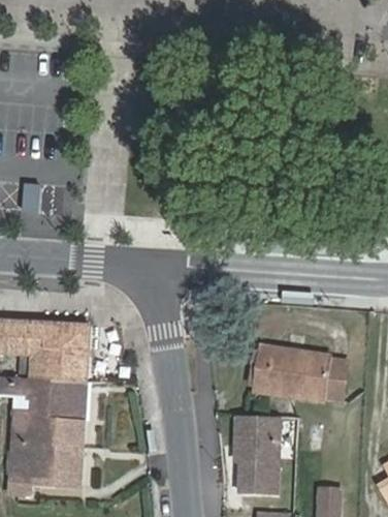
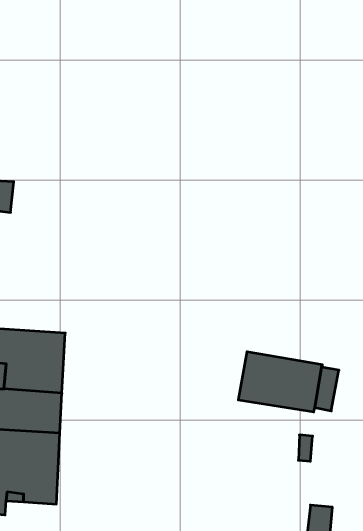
building: [235,415,279,492] -> none

